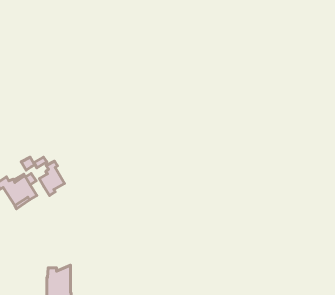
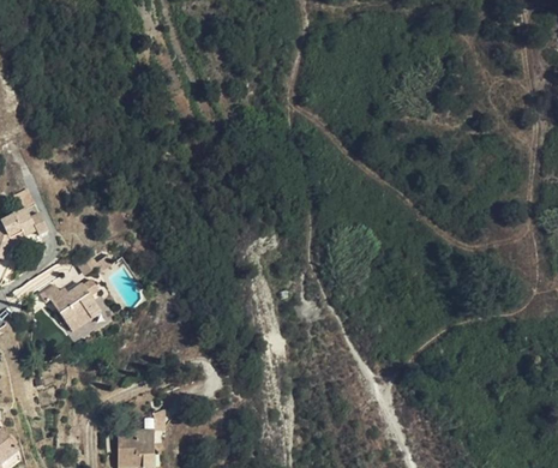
building: [39,161,64,196] -> none

